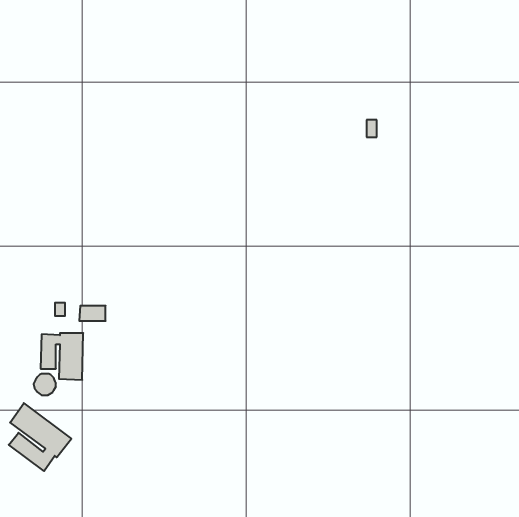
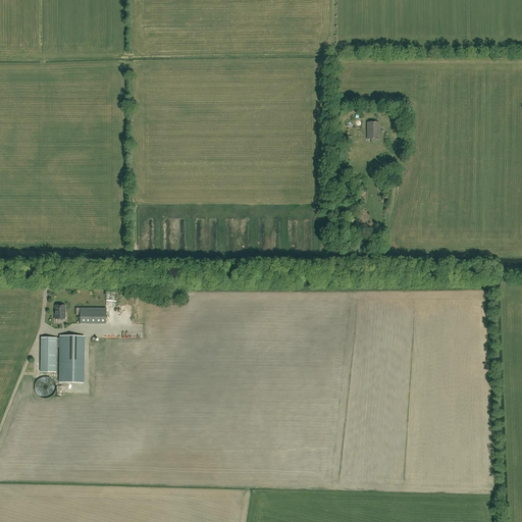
building: [9,403,71,471] -> none

